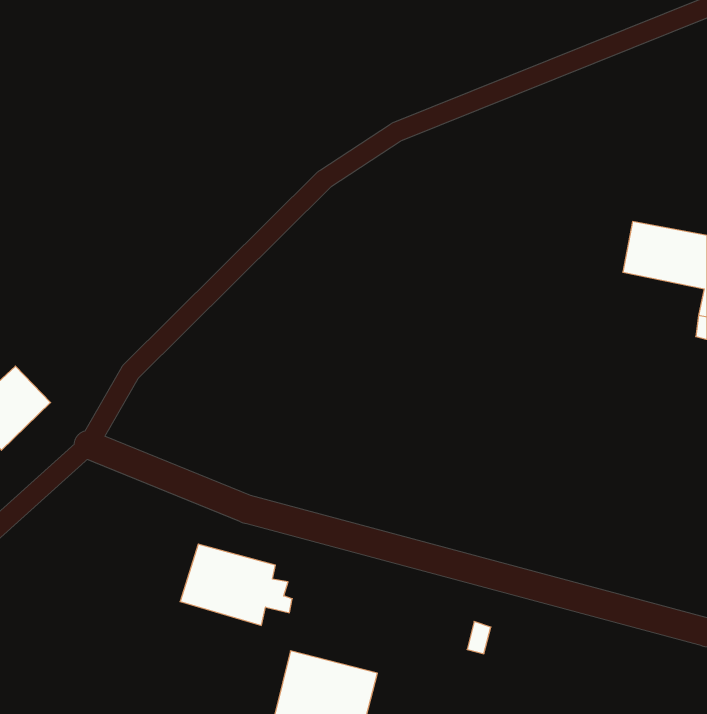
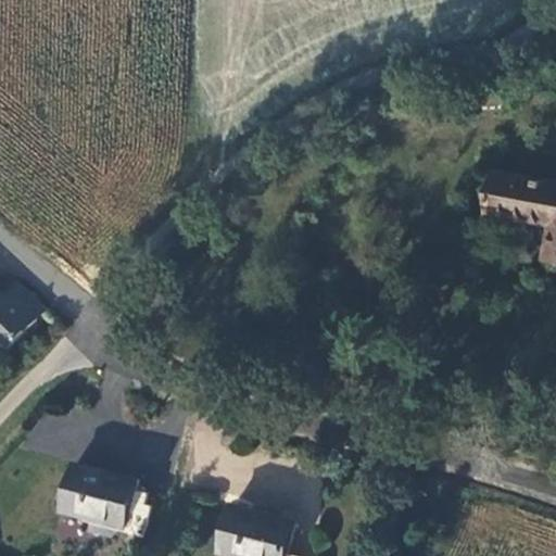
building: [180,544,292,625] -> [58,467,144,530]

